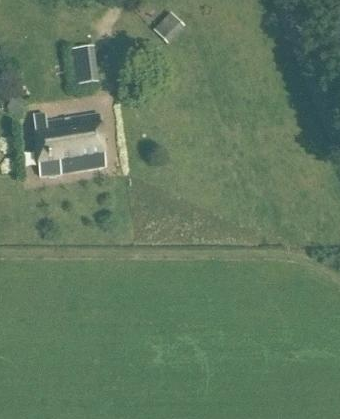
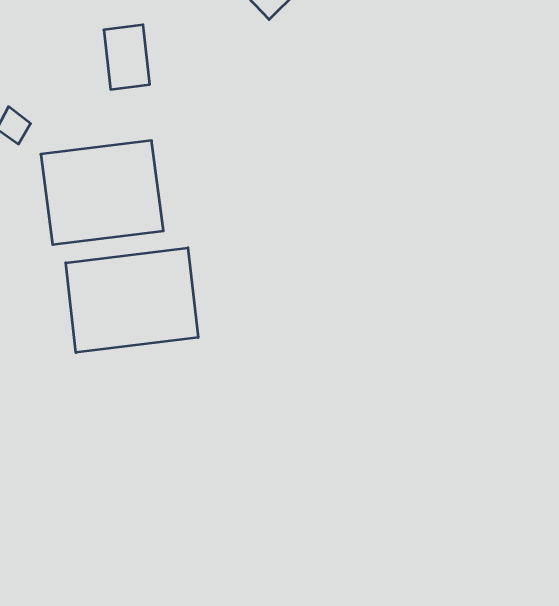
building: none -> [66,248,198,353]

